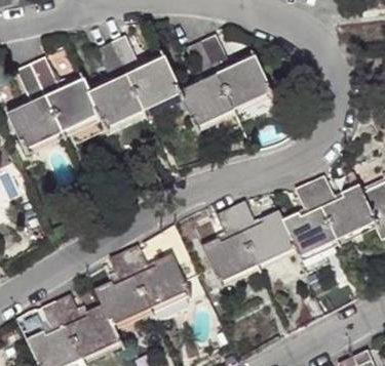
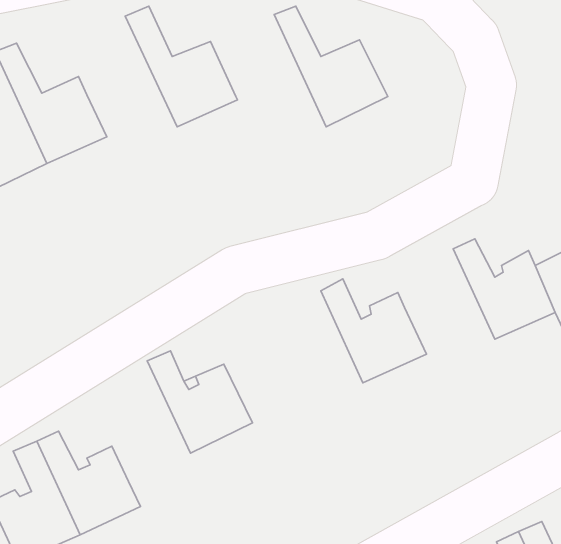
building: [178,40,233,126] -> none
building: [86,41,142,126] -> none
building: [281,184,337,257] -> none
building: [201,209,256,283] -> none
building: [94,252,150,326] -> none

